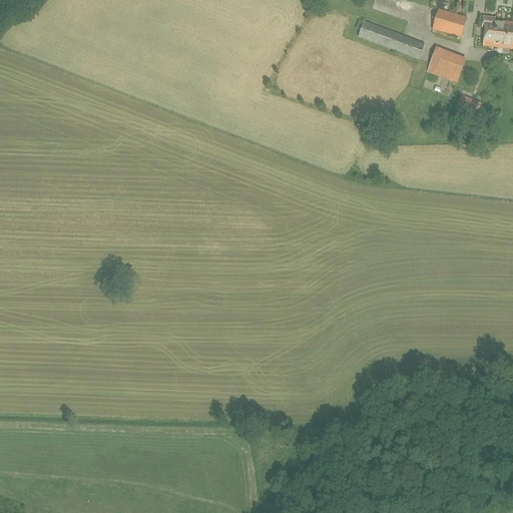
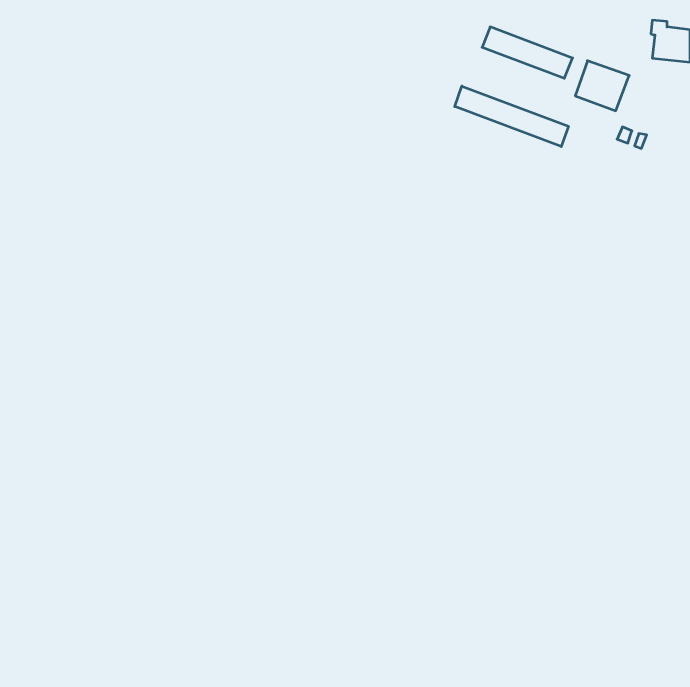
building: [433,8,468,37] -> none
building: none -> [455,86,568,147]

